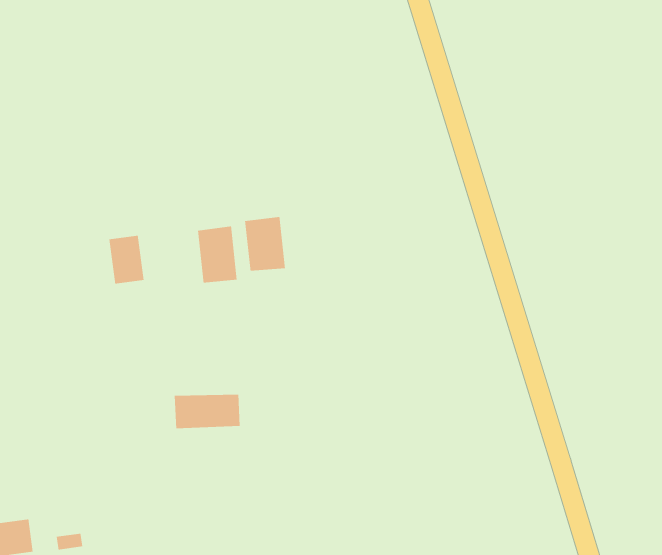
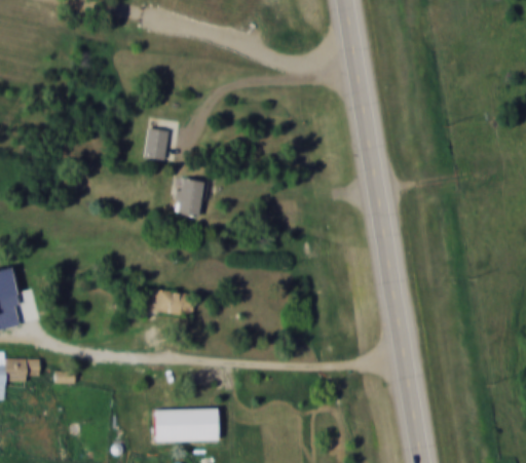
building: [245,216,286,272] -> none
building: [108,235,144,284] -> [145,129,165,160]

